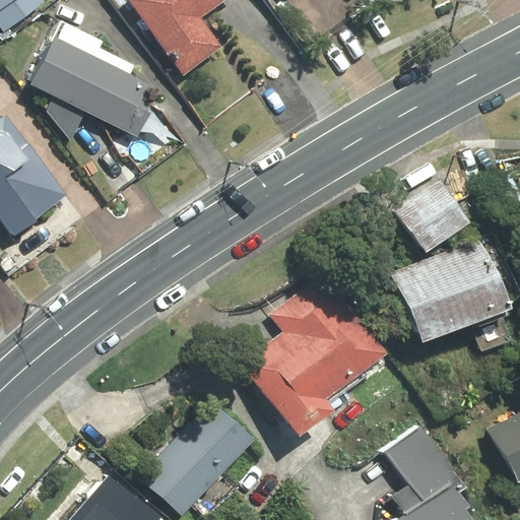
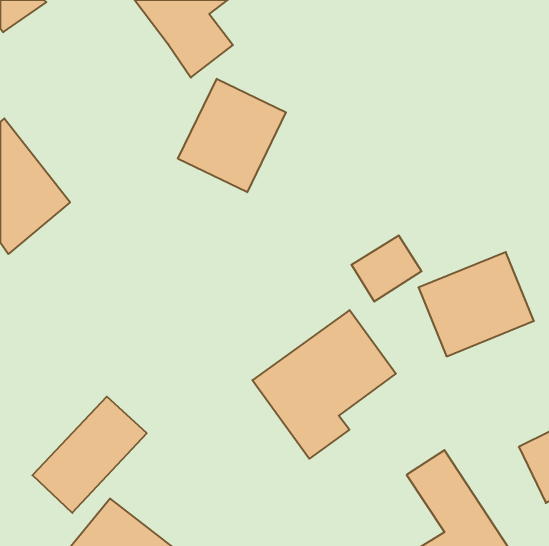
building: [30,20,151,136] -> none
building: none -> [178,79,286,192]
building: [401,189,467,251] -> [351,236,422,301]
building: [142,404,250,514] -> [32,397,147,513]

